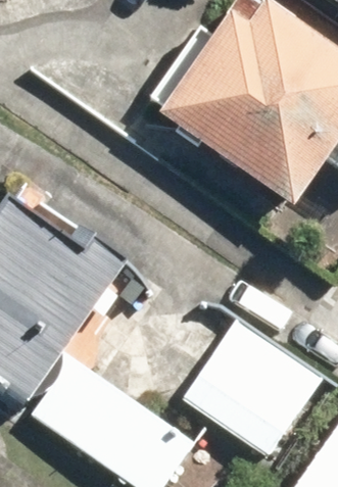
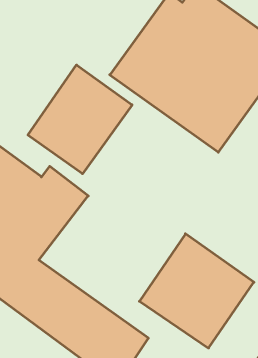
building: none -> [28,65,132,174]

